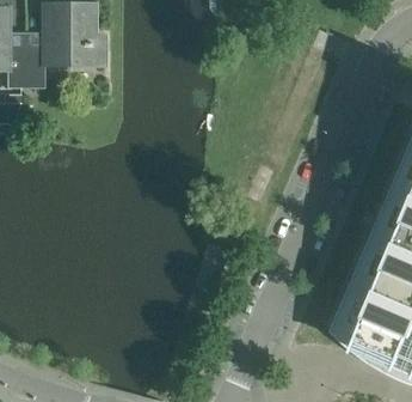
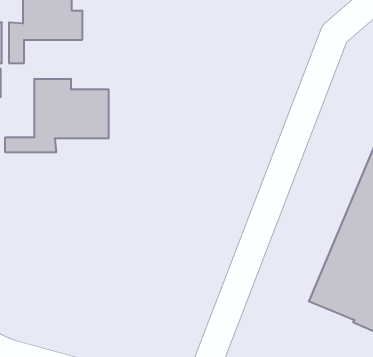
building: none -> [5,79,109,152]

